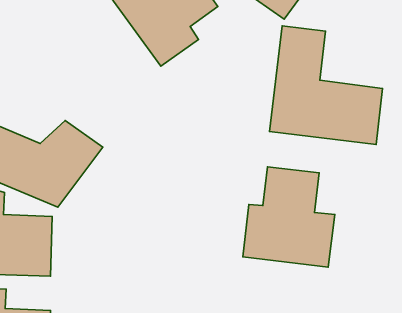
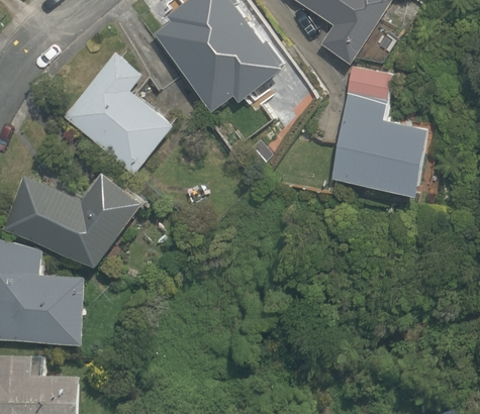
building: none -> [56,47,175,176]
building: [243,167,335,267] -> none

